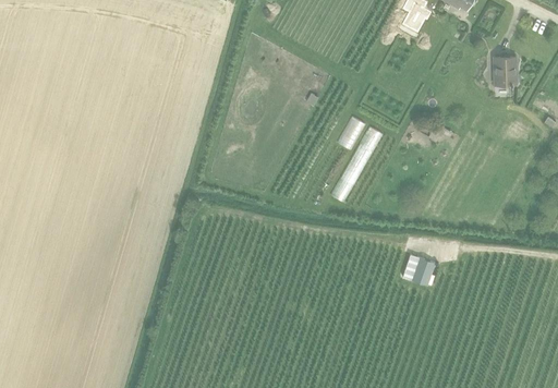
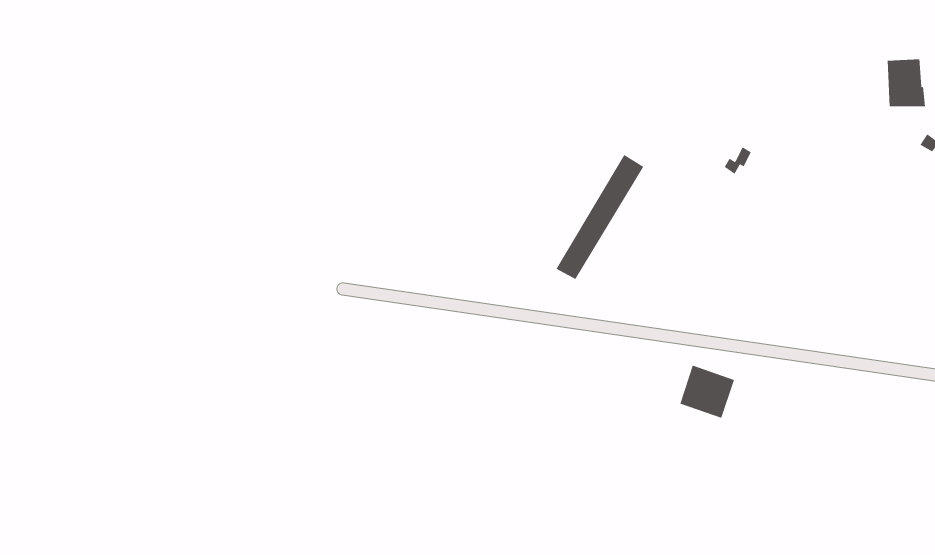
building: [494,56,517,84] -> [887,59,926,107]

